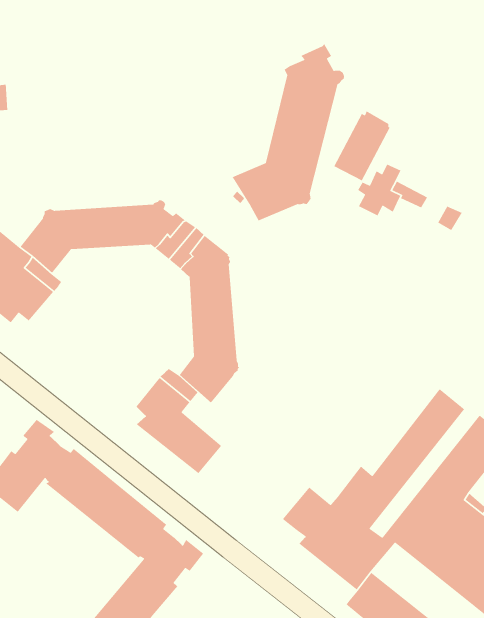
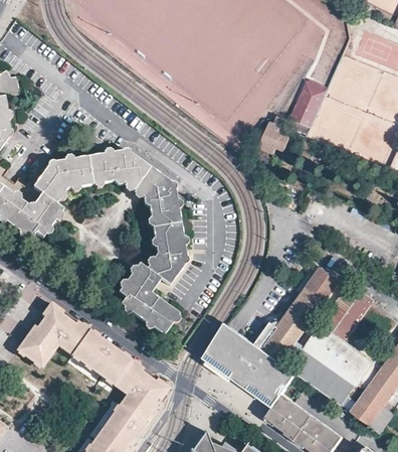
building: [231,43,345,222] -> none
building: [333,110,390,181] -> [290,81,328,129]
building: none -> [206,324,256,382]

